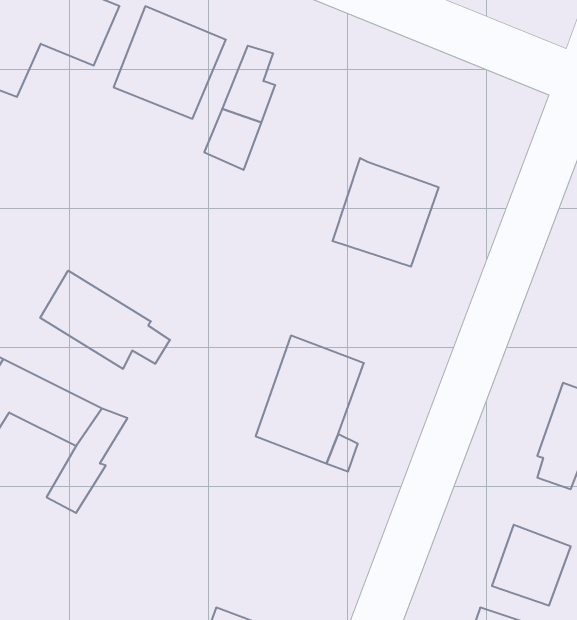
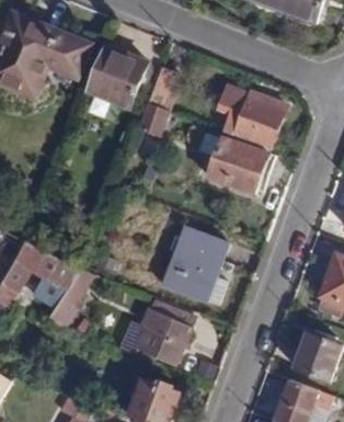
building: none -> [220,89,282,146]
building: [40,271,170,369] -> none
building: none -> [139,310,188,362]

